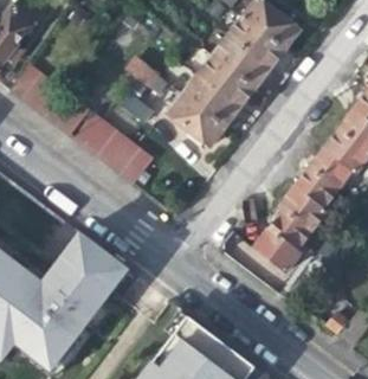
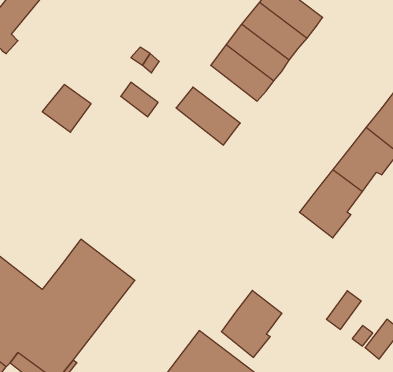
building: [11,65,63,116] -> none
building: [181,73,240,127] -> none
building: [77,116,151,184] -> none
building: [254,211,310,272] -> [221,290,282,357]

